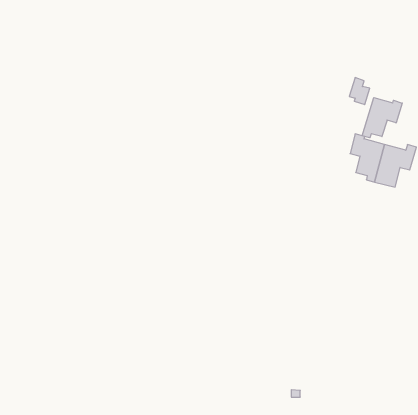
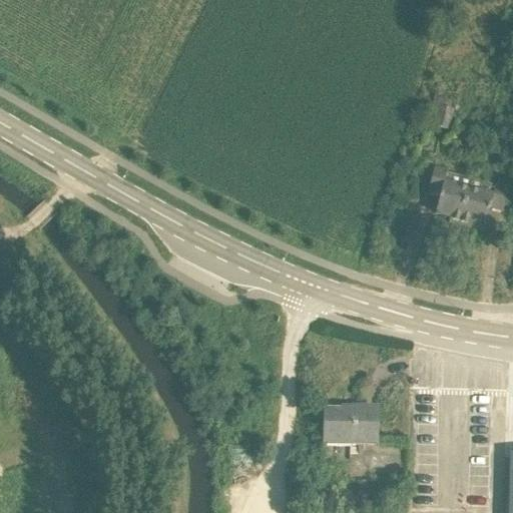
building: [362,98,402,138] -> none
building: none -> [324,406,377,443]

